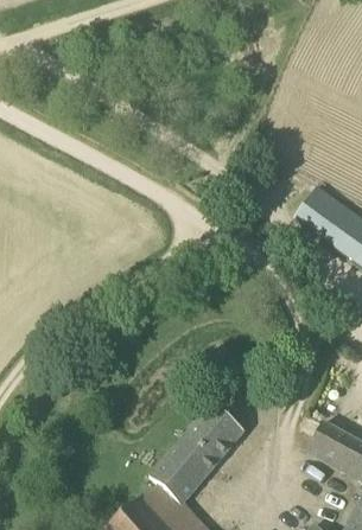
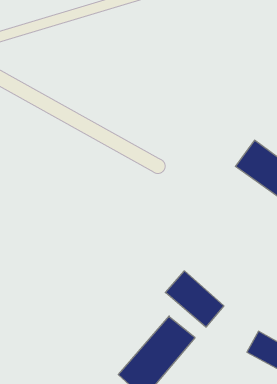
building: none -> [165,271,224,327]

